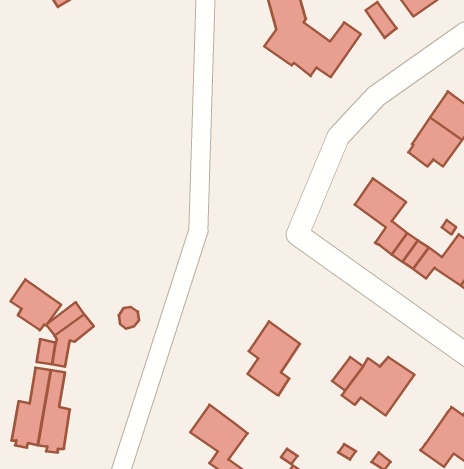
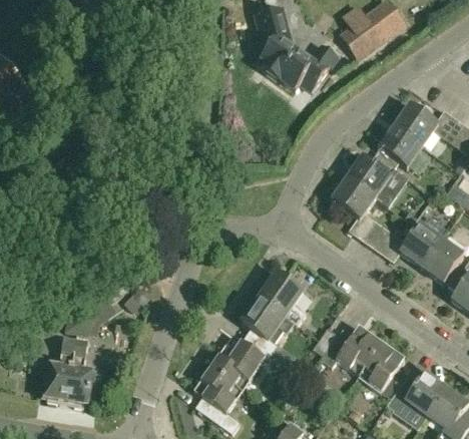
building: none -> [347,154,398,206]
building: [11,279,61,330] -> none
building: none -> [260,272,307,324]
building: none -> [209,341,266,391]
building: none -> [358,342,410,400]

